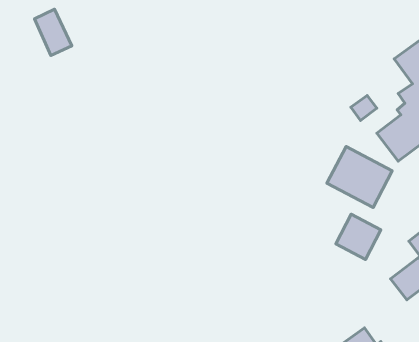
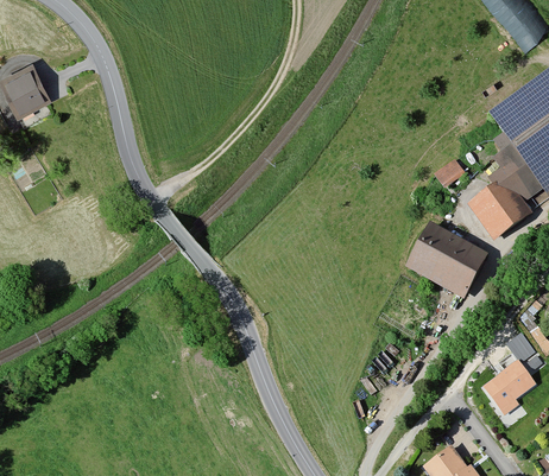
building: [34,9,72,56] -> [6,65,52,122]
building: [336,214,381,260] -> none

